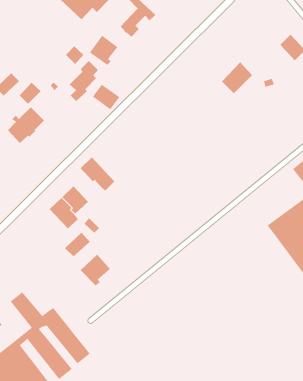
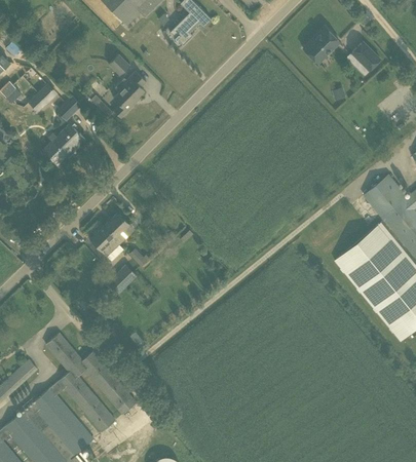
building: [89,35,118,66] -> none
building: [221,62,253,94] -> [302,27,338,64]
building: [92,84,120,110] -> none
building: [80,156,115,191] -> none
building: [80,254,111,287] -> none

